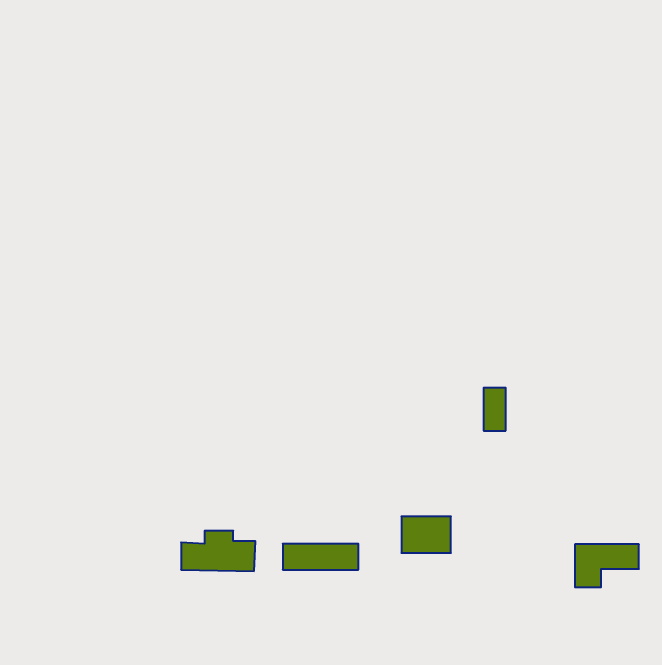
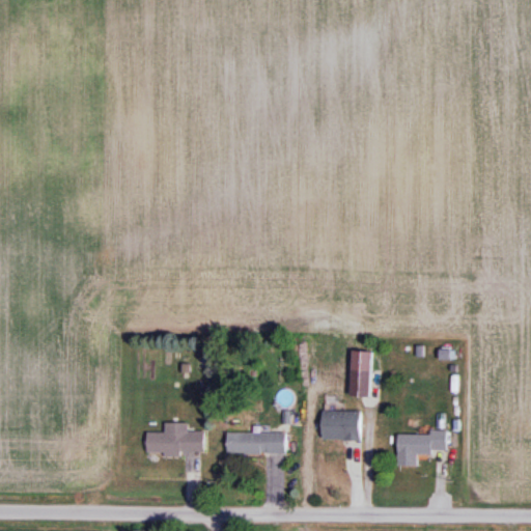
building: [484,388,506,431] -> [351,363,368,397]
building: [575,544,639,587] -> [395,432,446,467]

